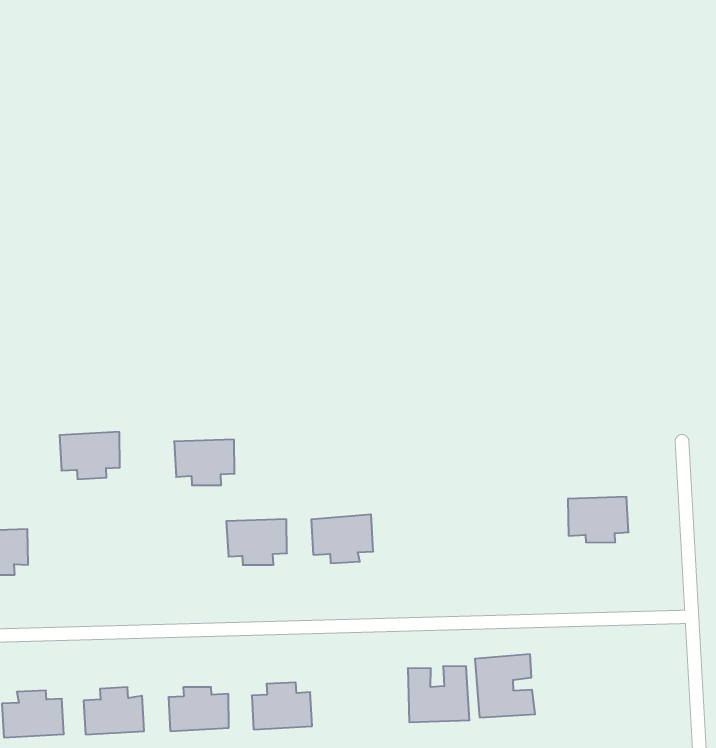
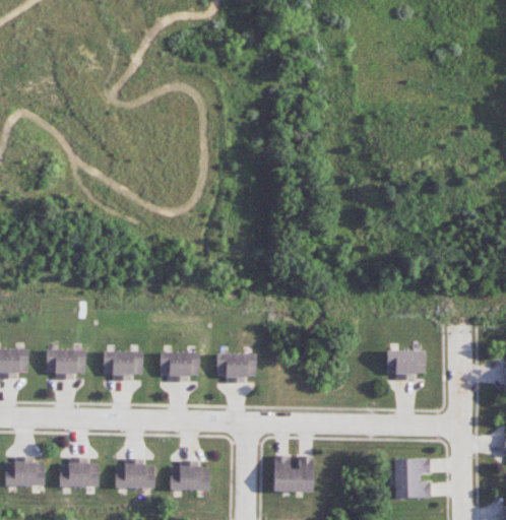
building: [59,432,120,479] -> [47,349,86,379]
building: [174,440,235,485] -> [104,350,143,381]
building: [475,654,535,717] -> [393,458,431,498]

